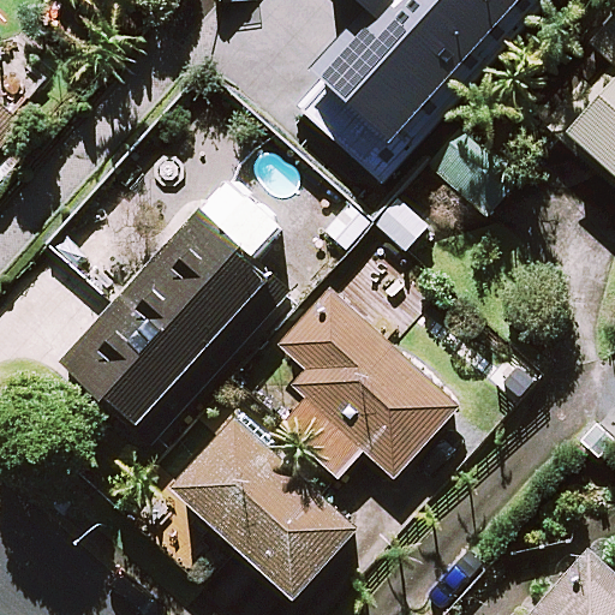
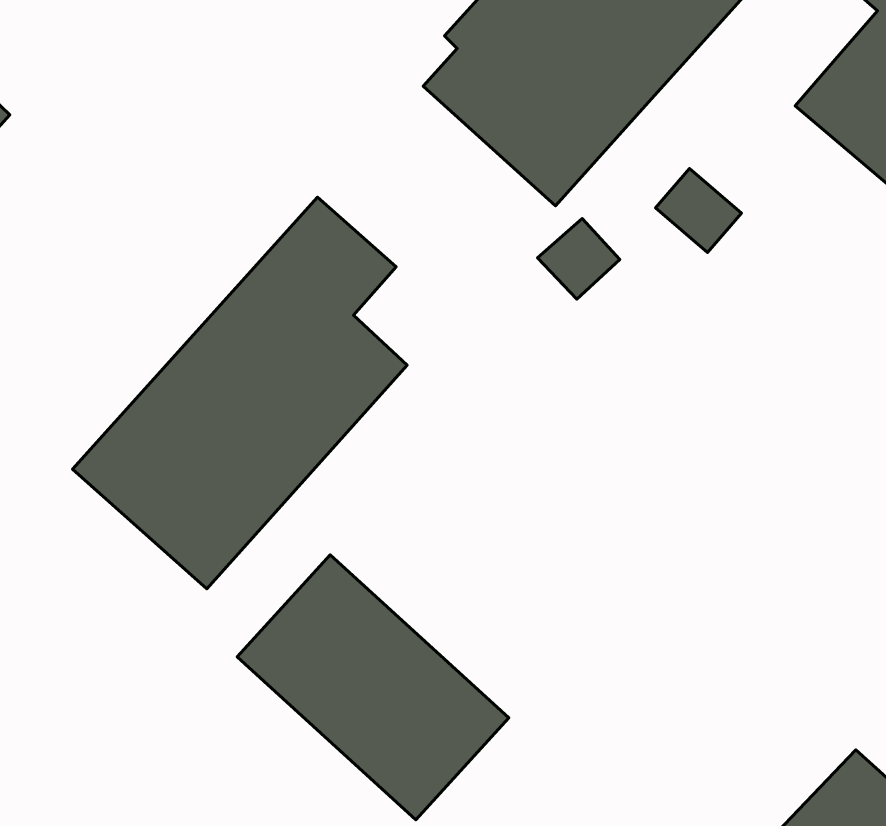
building: [275,288,453,476] -> none

